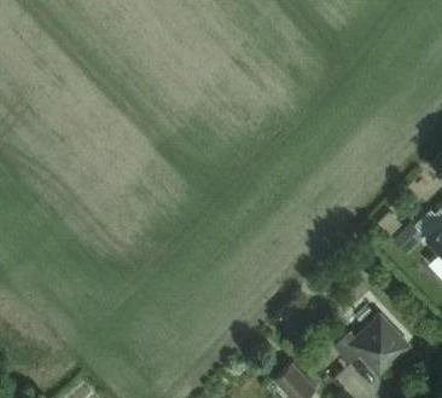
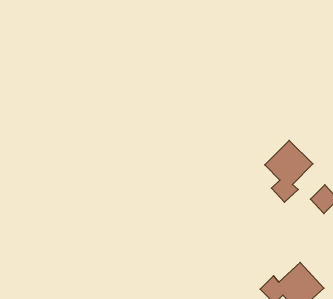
building: none -> [265,140,313,202]

